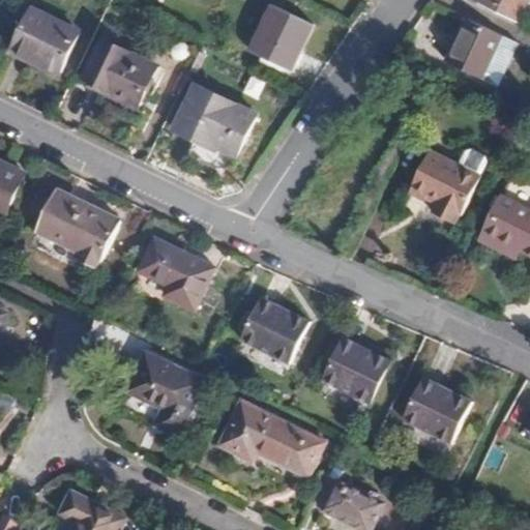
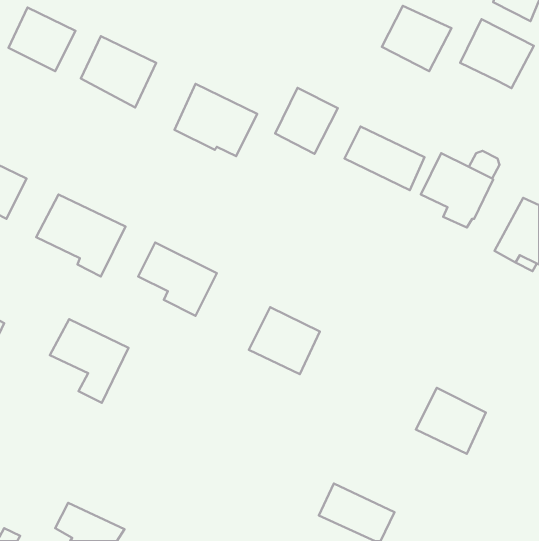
building: [246,4,307,68] -> [275,88,338,154]
building: none -> [382,6,451,71]
building: none -> [345,126,425,190]
building: [323,338,392,403] -> none
building: [127,354,204,436] -> [50,319,129,403]
building: [217,400,323,475] -> none

